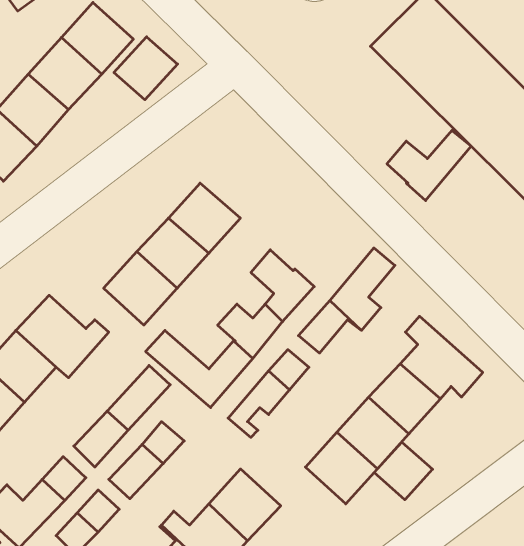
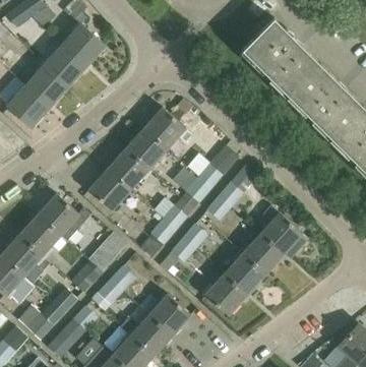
building: [114,37,178,100] -> none
building: [387,130,471,201] -> [187,148,236,189]
building: none -> [143,108,185,149]
building: [374,442,433,500] -> none

